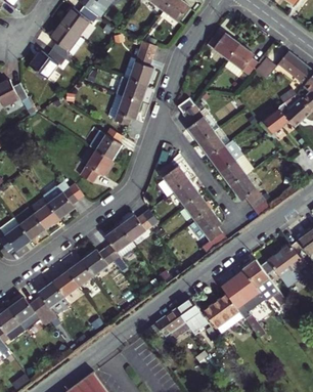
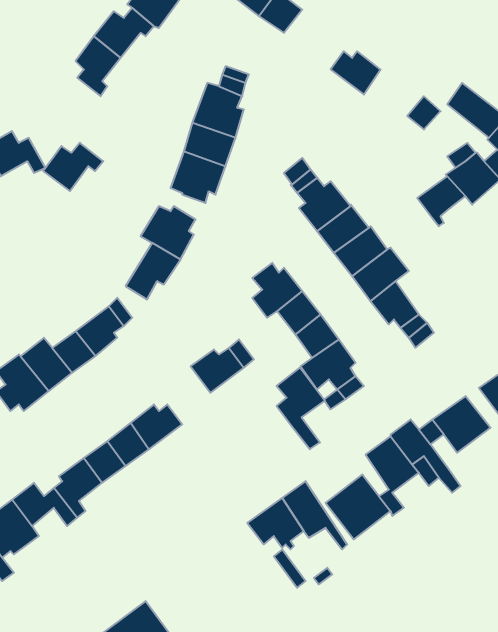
building: [226,43,256,74] -> none
building: [28,48,64,78] -> [43,143,103,191]
building: [105,225,135,275] -> [277,368,325,449]

